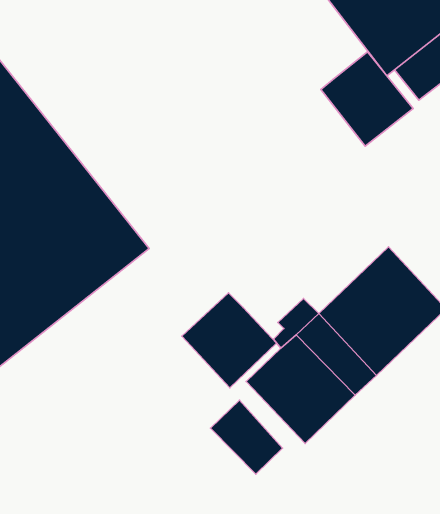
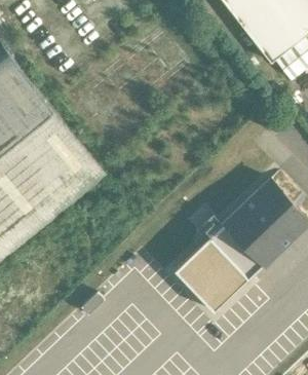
building: [321,52,413,146] -> none
building: [182,293,277,388] -> none
building: [211,400,283,474] -> none

